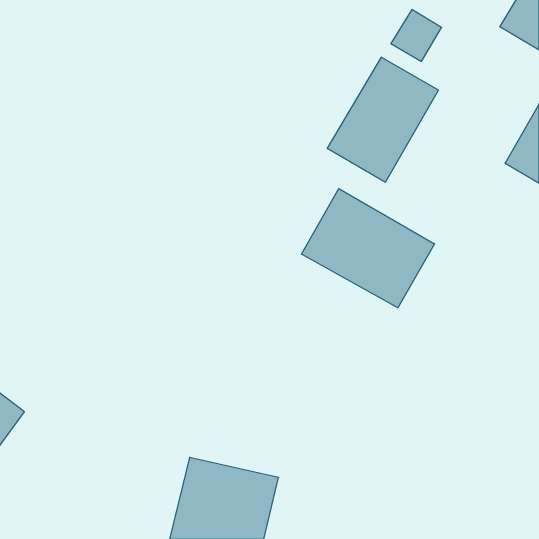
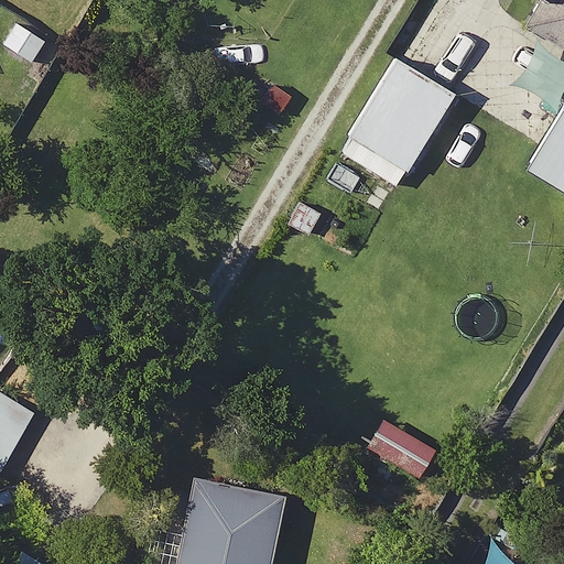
building: [301,189,435,308] -> none

